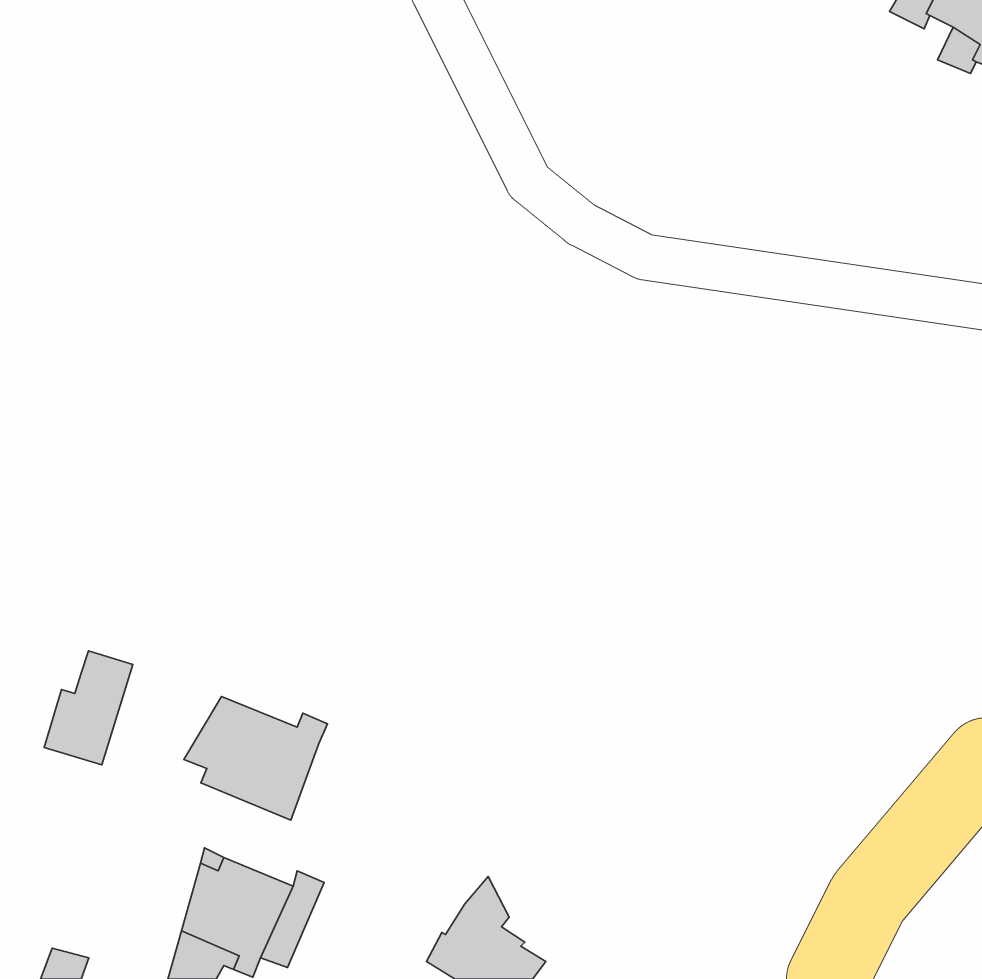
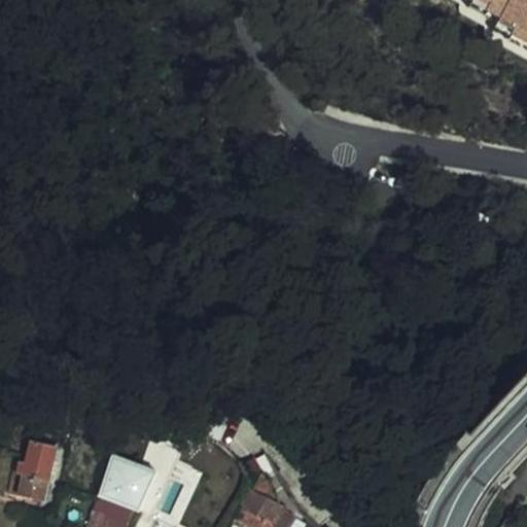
building: [44,651,133,765] -> [10,440,58,500]
building: [184,697,328,820] -> none

